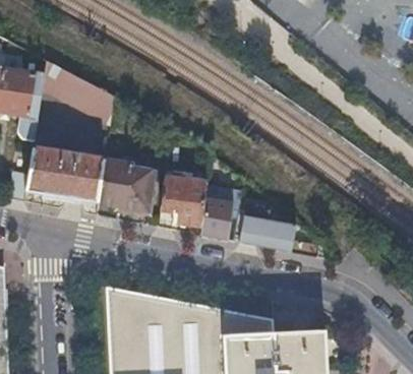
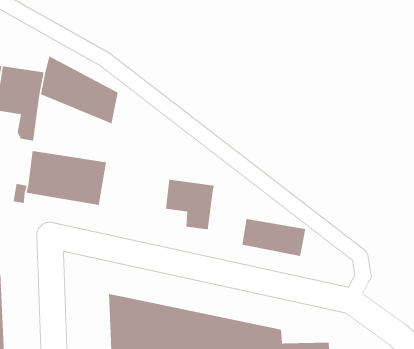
building: [98,161,154,213] -> none
building: [200,186,242,240] -> none

